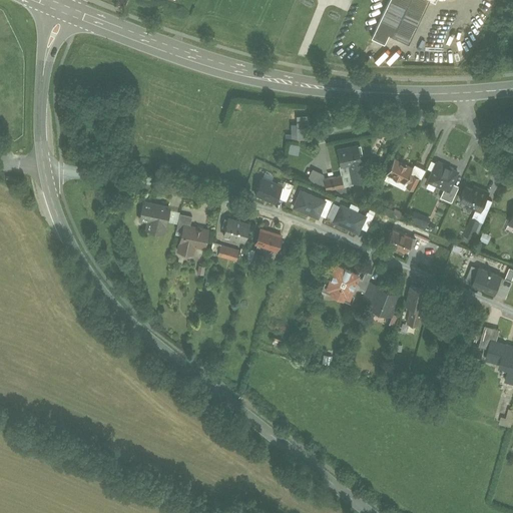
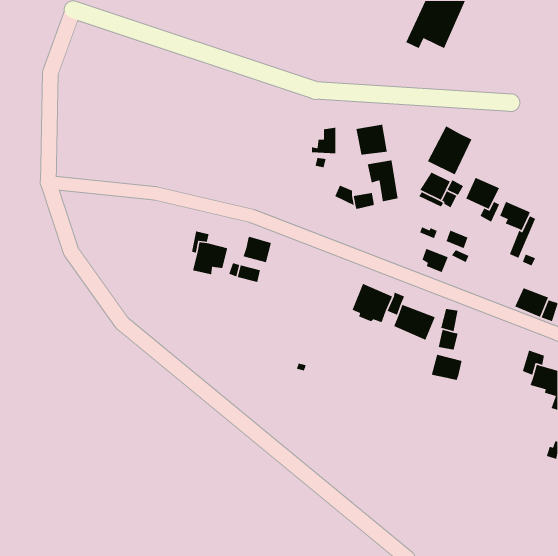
building: none -> [356,124,388,156]
building: none -> [427,125,472,176]
building: [251,176,283,203] -> none
building: [293,190,325,219] -> none
building: [138,199,171,232] -> none
building: [332,203,366,233] -> none
building: [253,227,283,252] -> none
building: none -> [431,354,462,381]

